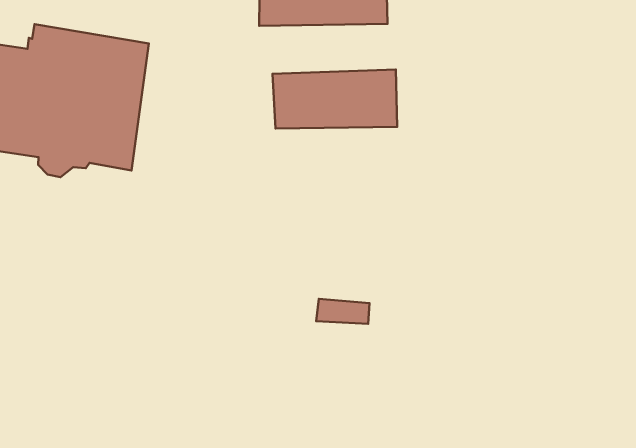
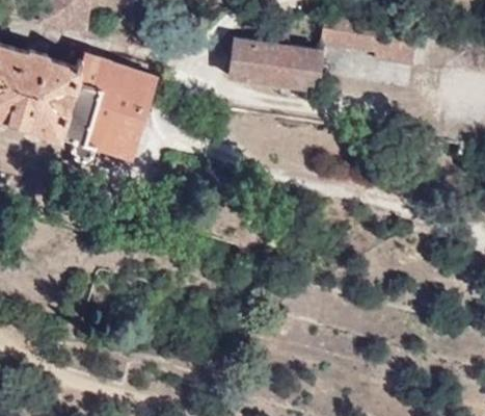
building: [272,69,397,128] -> none

